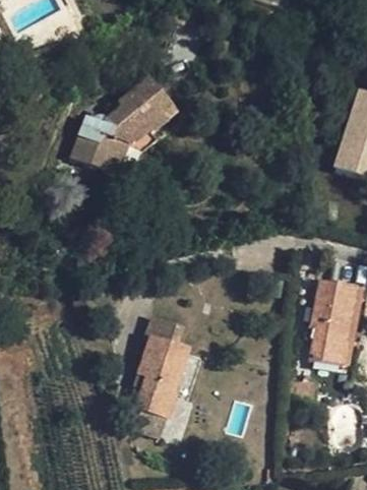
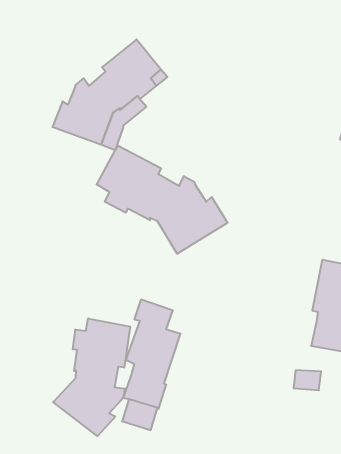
building: none -> [97,146,228,254]
building: none -> [53,318,130,436]

